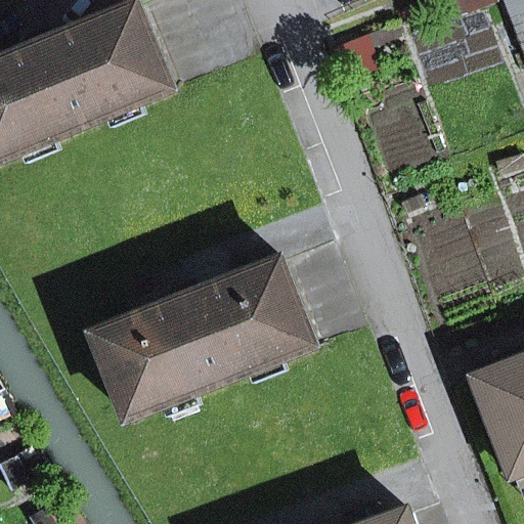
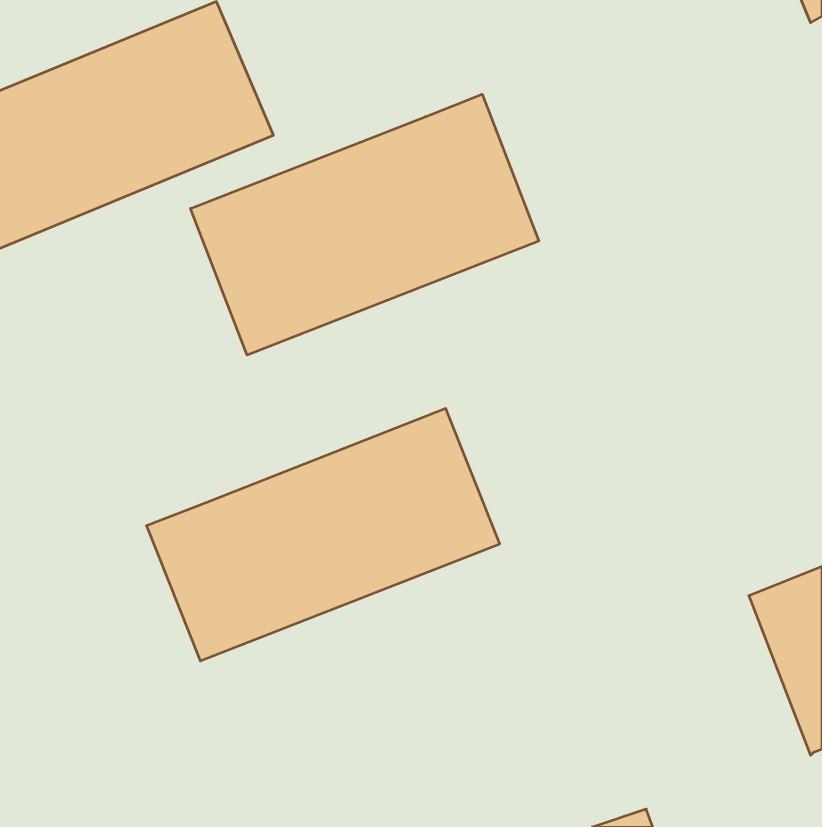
building: none -> [191,94,539,355]

